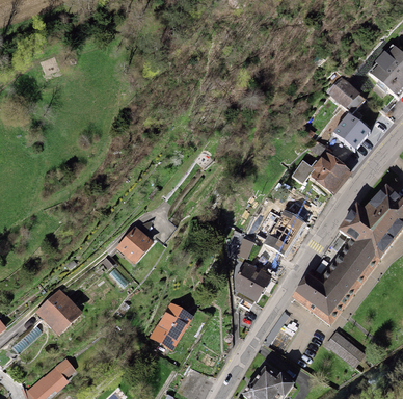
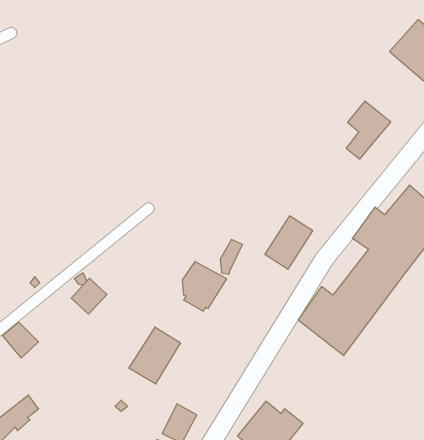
building: [327,77,365,112] -> none
building: [292,141,353,194] -> none
building: [119,231,150,261] -> [71,278,107,314]
building: [235,262,272,303] -> [182,262,227,311]
building: [325,330,366,368] -> none

